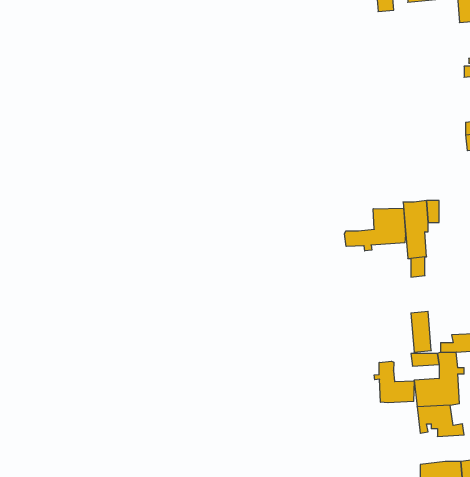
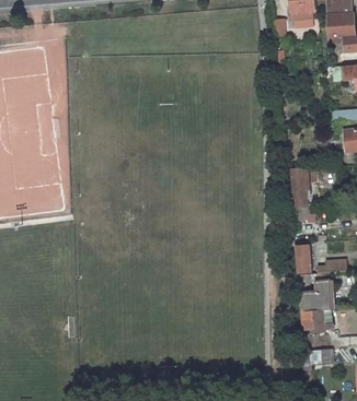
building: [345,208,405,251] -> none
building: [374,361,414,403] -> none

